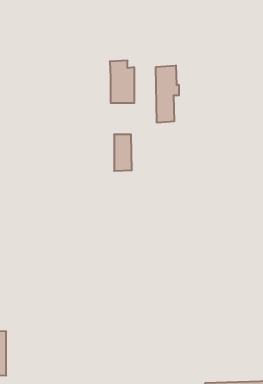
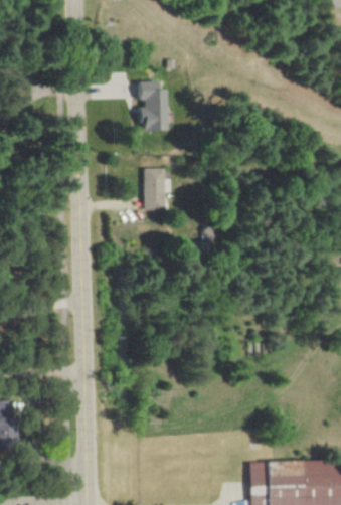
building: [156,65,179,123] -> none

